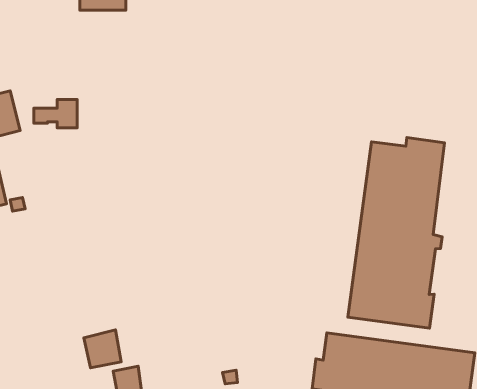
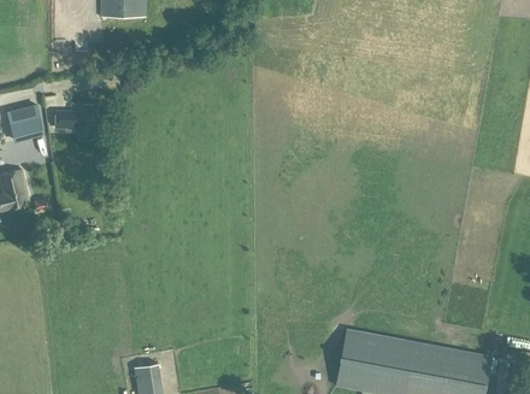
building: [348,137,444,328] -> none
building: [84,330,121,368] -> none

